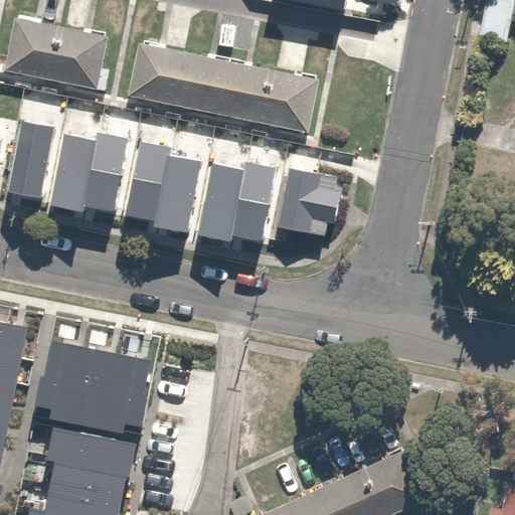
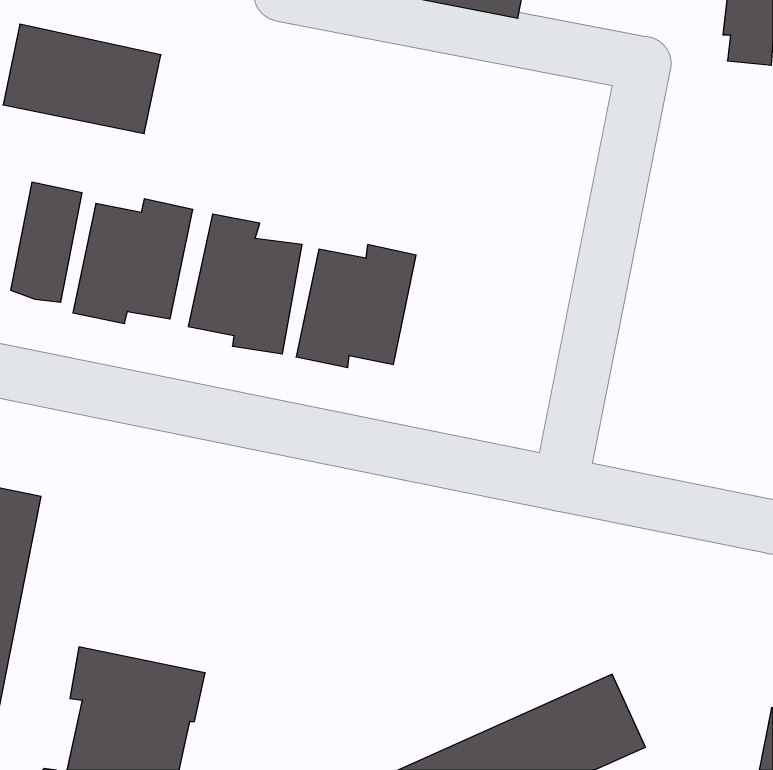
building: [127,42,318,132] -> none
building: [277,167,340,235] -> none
building: [33,342,149,436] -> none

